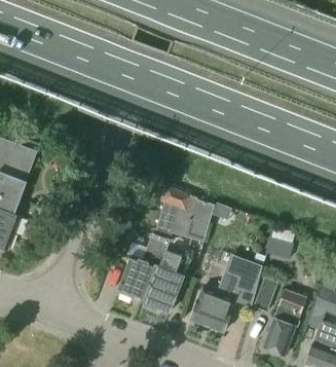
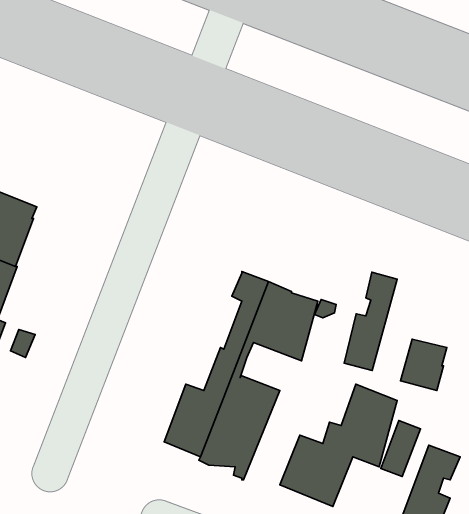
building: none -> [344,272,397,370]

